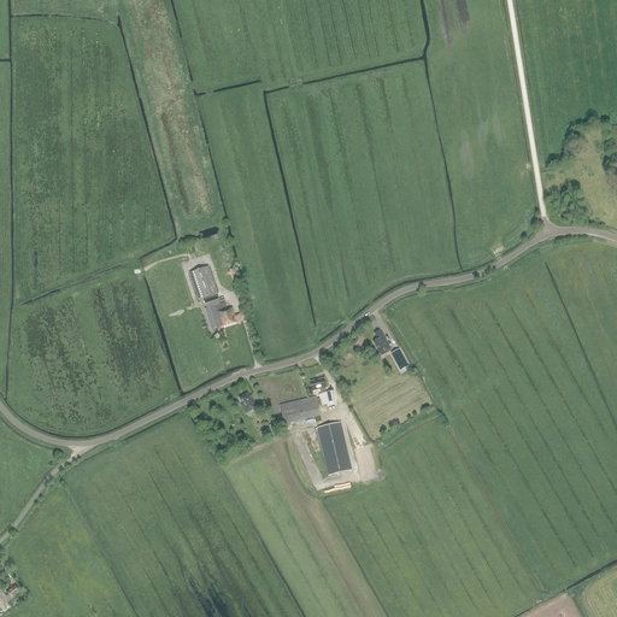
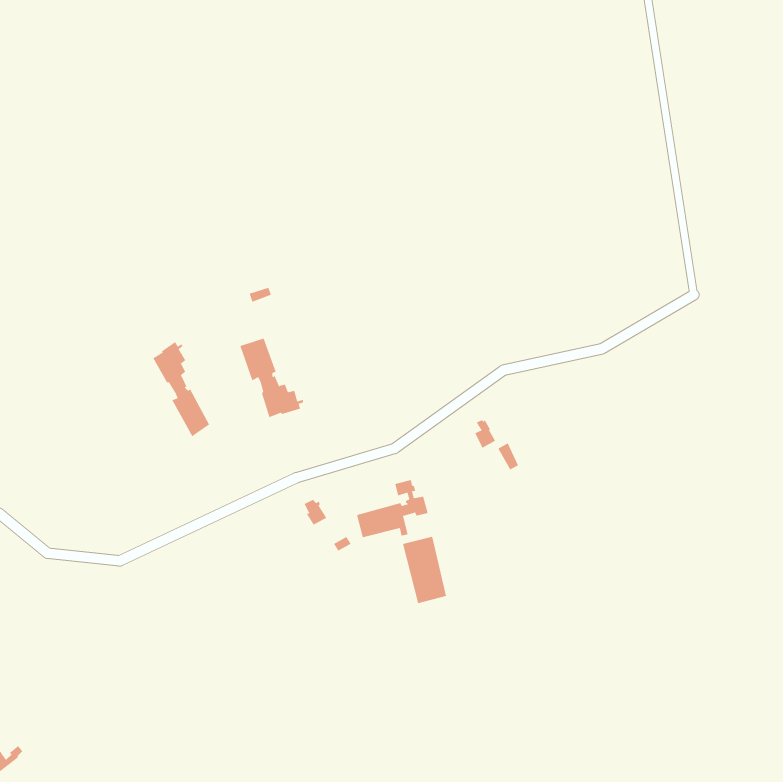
building: none -> [152,341,210,437]

